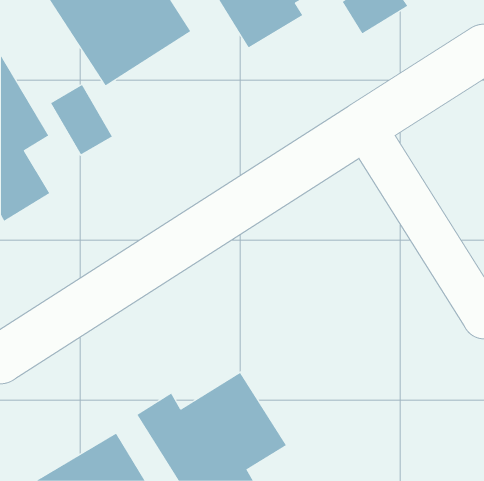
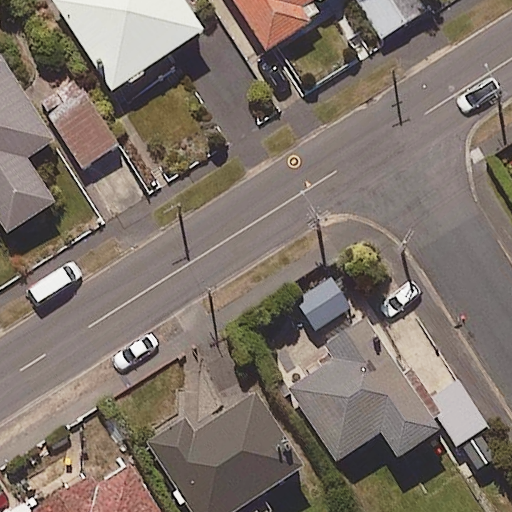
building: none -> [286,314,447,462]

